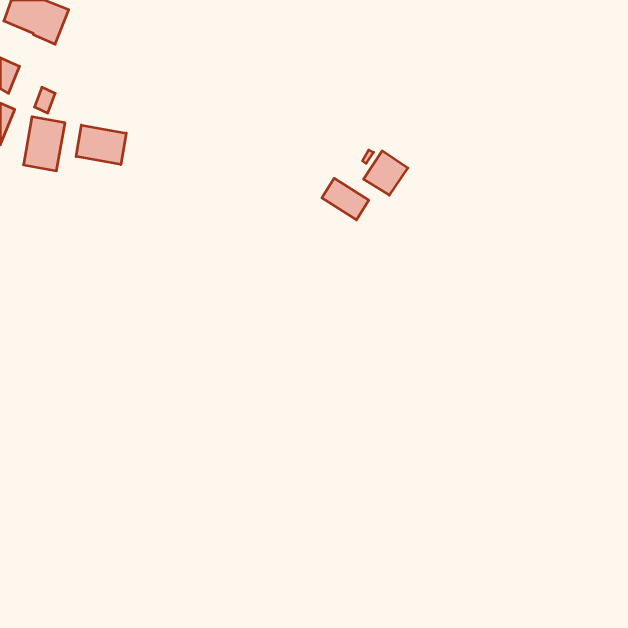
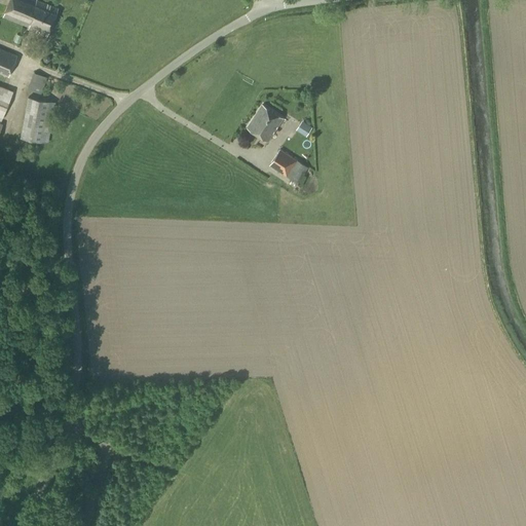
building: [76,125,126,165] -> none
building: [364,151,408,195] -> [247,105,284,142]

